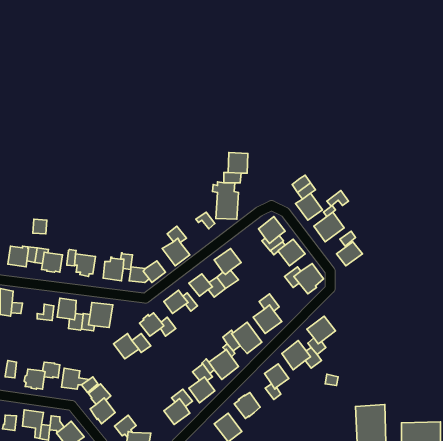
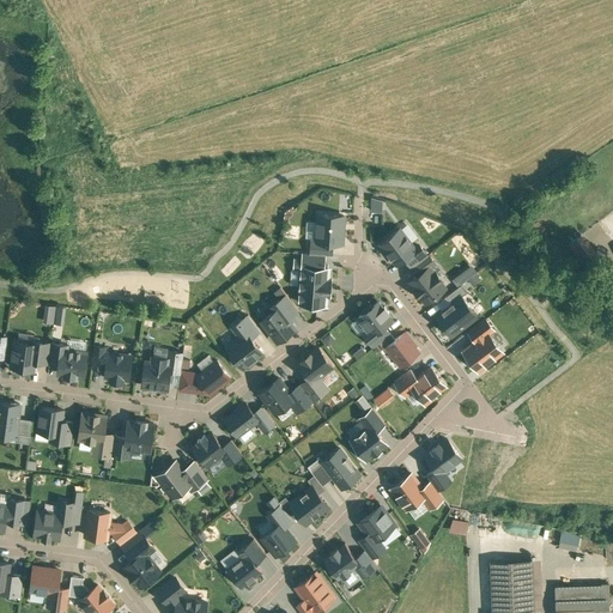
building: none -> [378,226,414,263]
building: none -> [261,306,295,341]
building: none -> [38,409,63,437]

